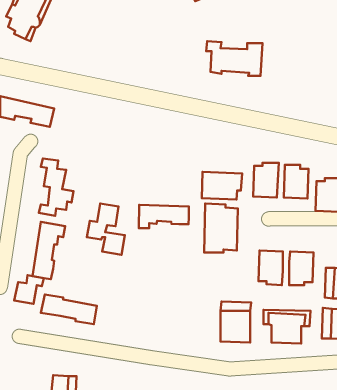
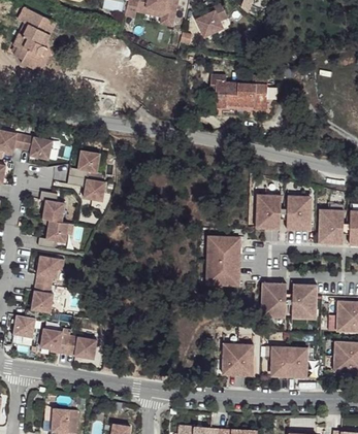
building: [202,172,242,200] -> none
building: [87,204,125,255] -> [69,149,107,201]
building: [139,205,189,228] -> none

